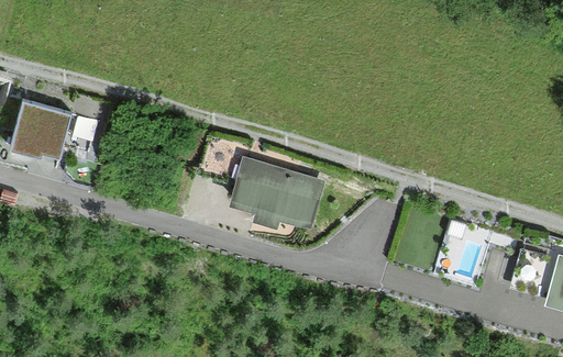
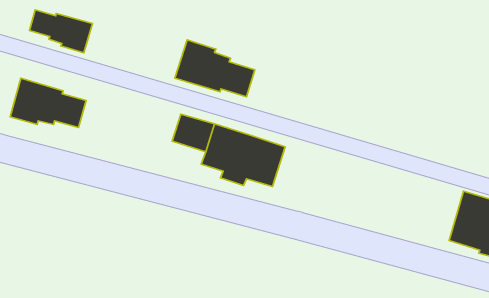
building: none -> [29,10,93,53]
building: none -> [175,40,255,97]

